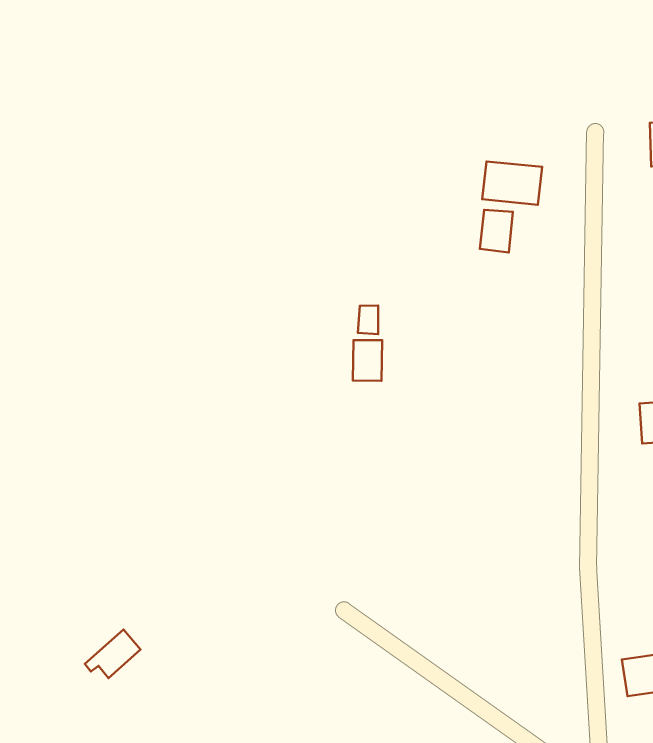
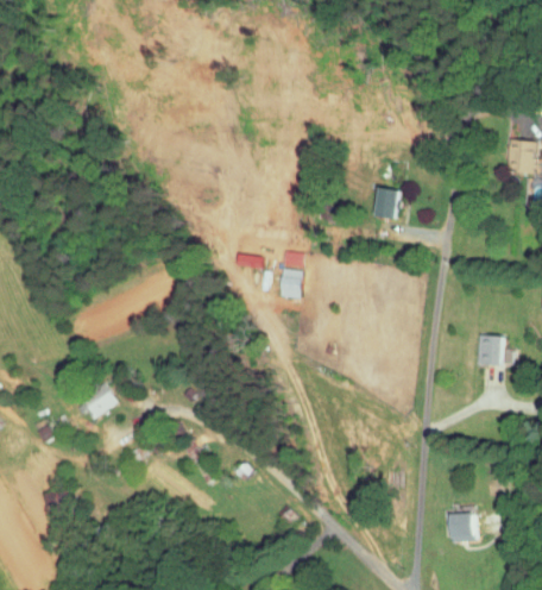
building: [482,161,542,205] -> none
building: [85,629,141,678] -> [76,387,116,420]

